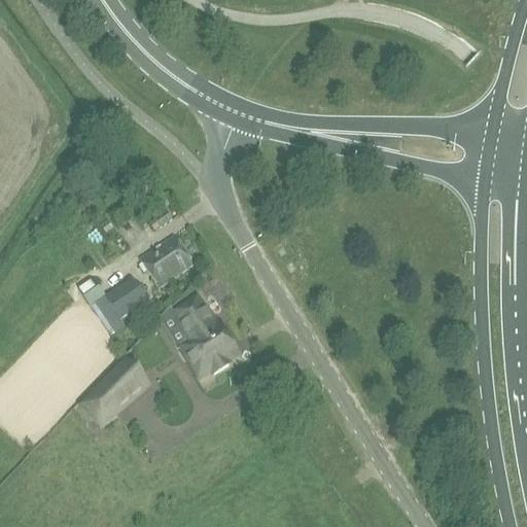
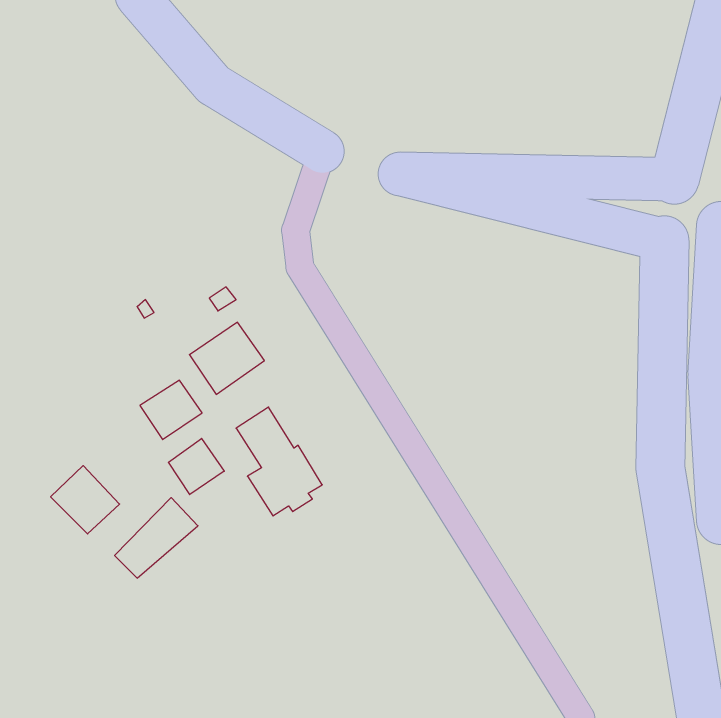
building: none -> [168,438,224,495]
building: none -> [51,466,120,534]

